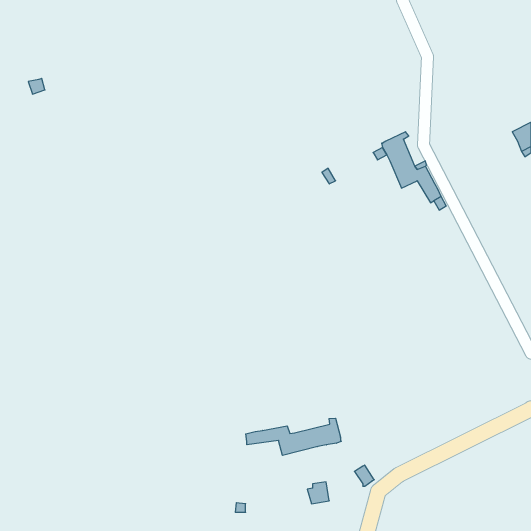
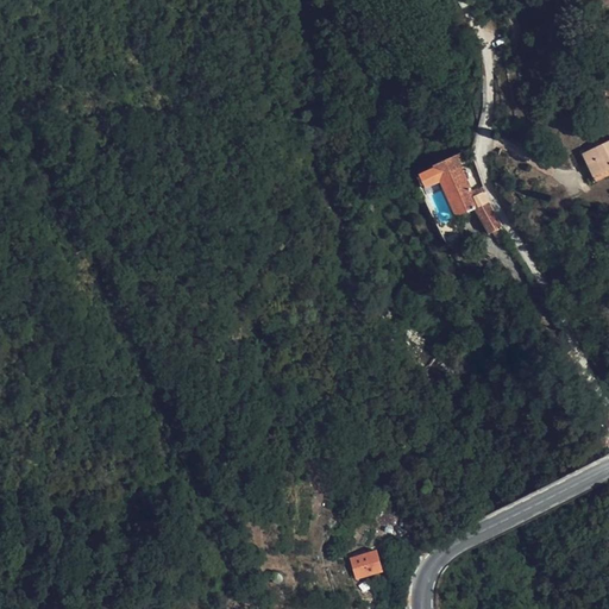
building: [246,418,341,455] -> none

